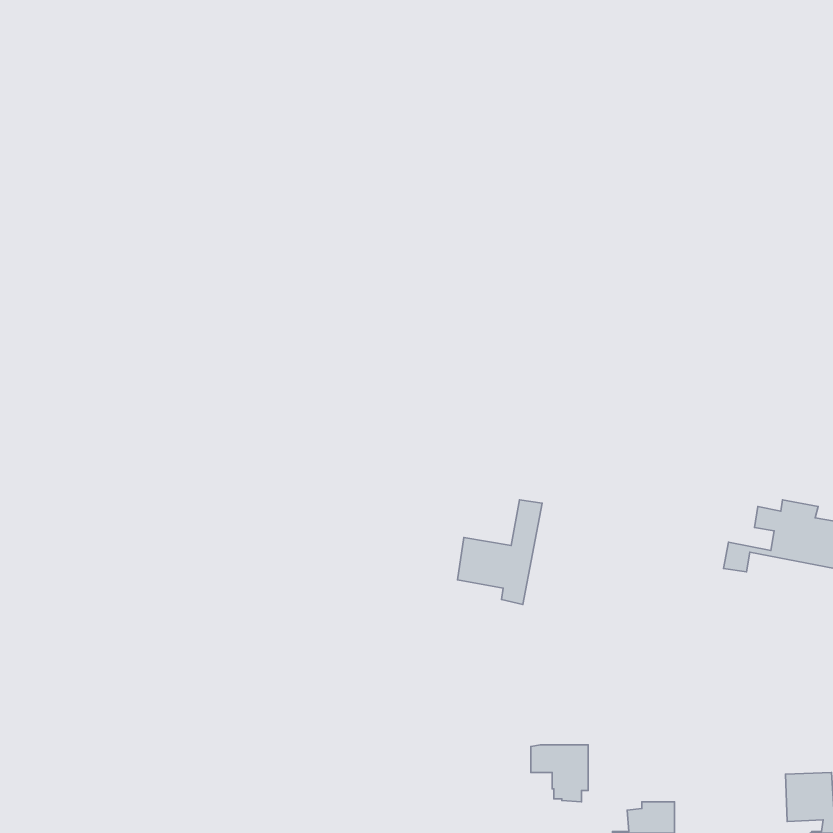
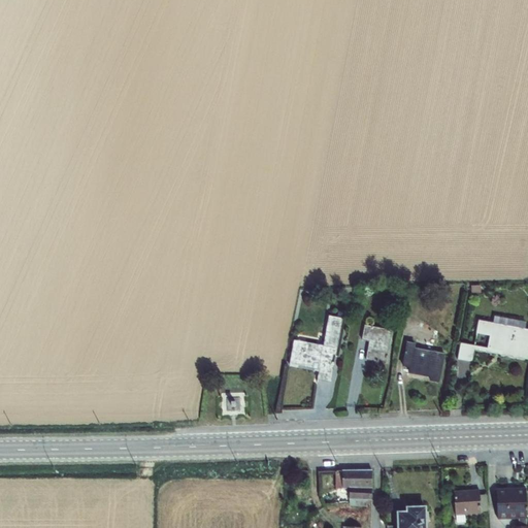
building: none -> [362,325,392,363]
building: none -> [403,341,446,382]
building: none -> [455,489,489,515]

